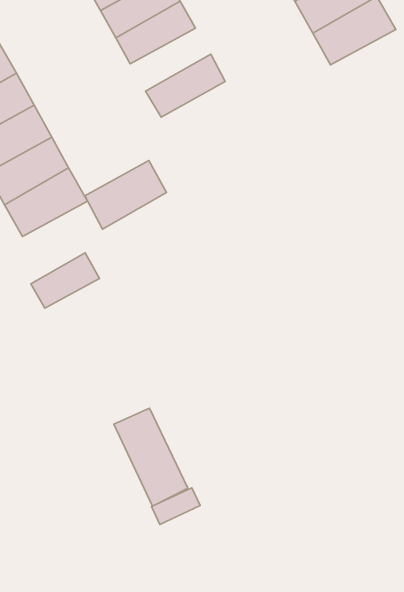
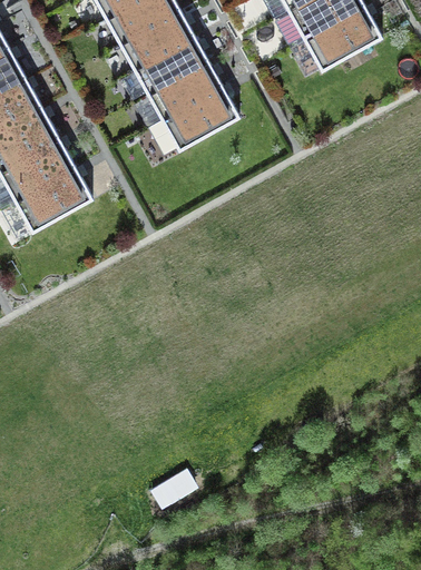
building: none -> [130,35,206,94]
building: [85,160,167,229] -> [159,85,236,149]
building: [31,253,100,308] -> none
building: [114,408,188,506] -> none

